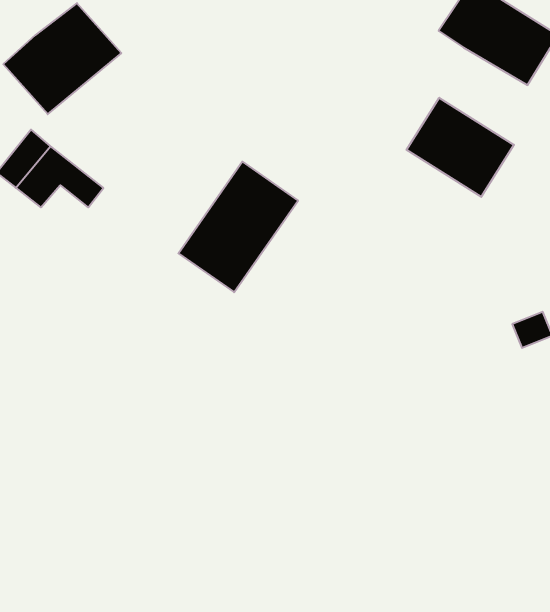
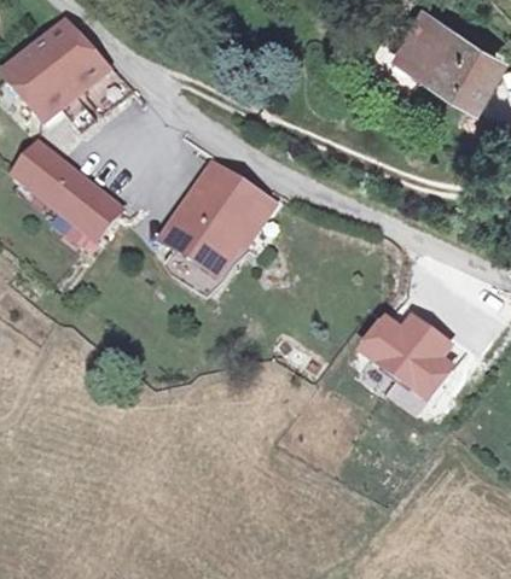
building: [407,98,514,197] -> none
building: none -> [46,187,123,242]
building: none -> [361,318,451,399]

